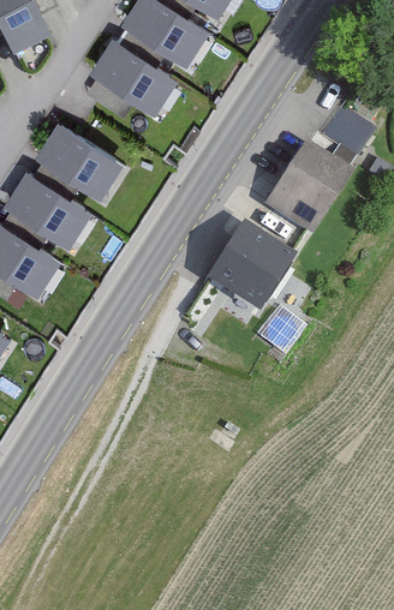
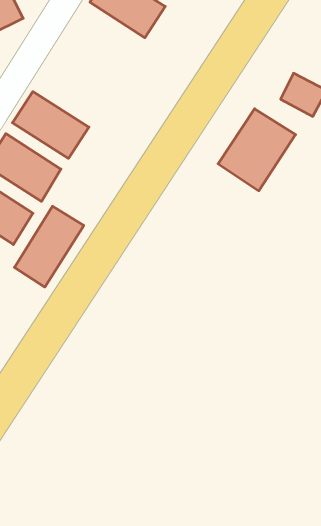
building: [91,38,175,113] -> none
building: [205,223,294,312] -> none
building: none -> [14,206,84,287]

